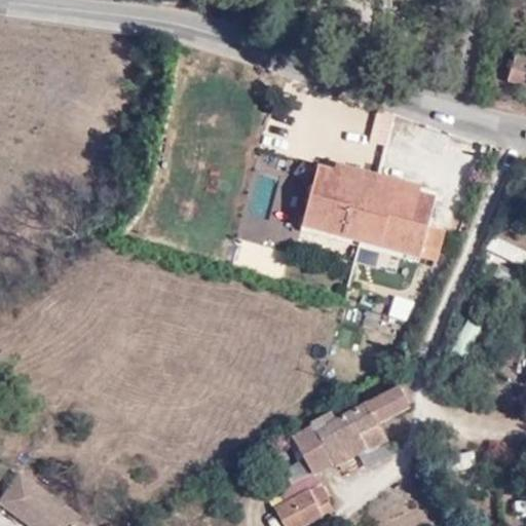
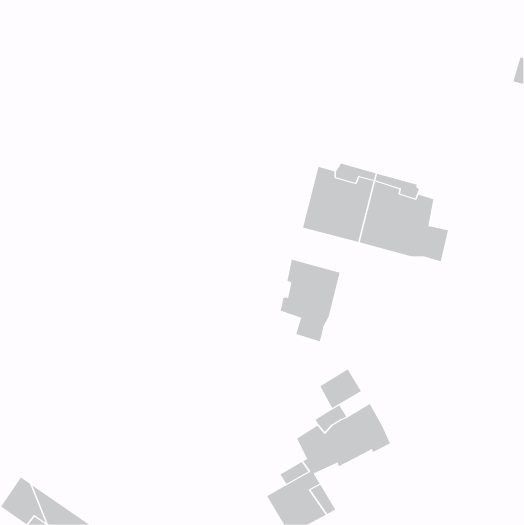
building: none -> [280,259,340,342]
building: [369,384,411,424] -> [319,369,362,409]

